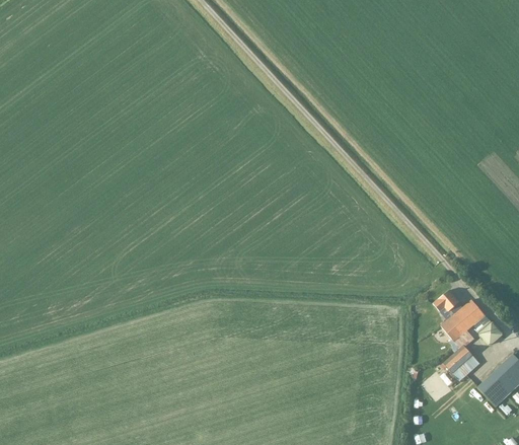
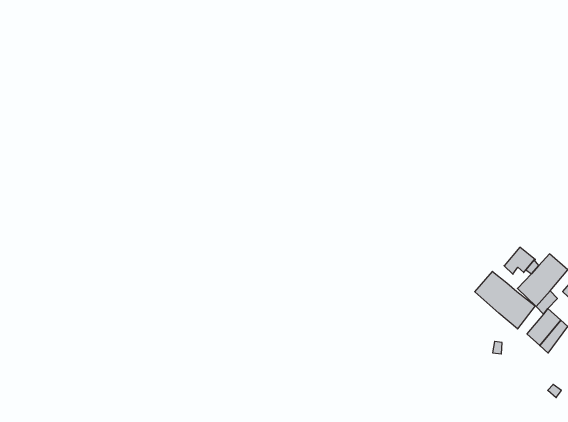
building: none -> [475,271,535,329]

